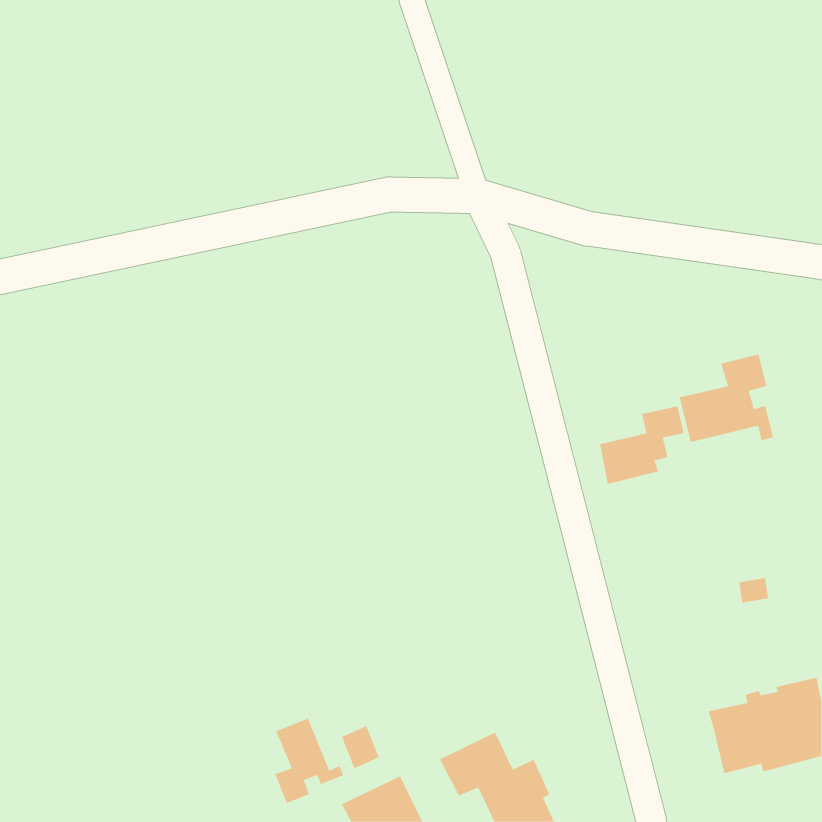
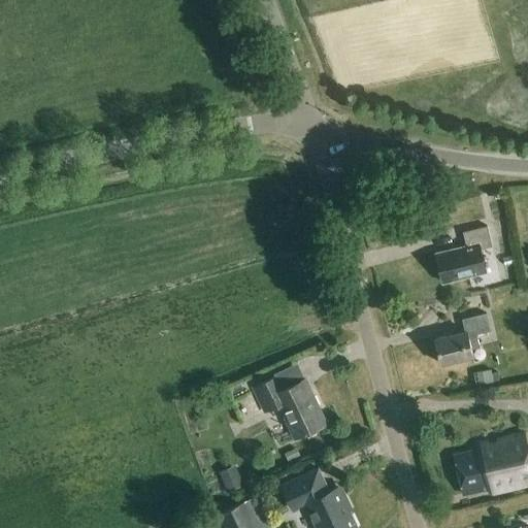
building: [599,406,685,485] -> [435,315,490,365]
building: none -> [253,377,326,439]
building: [274,718,344,804] -> none

